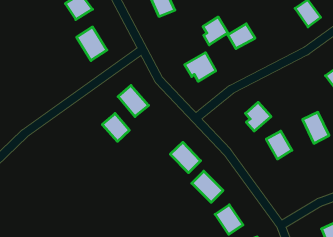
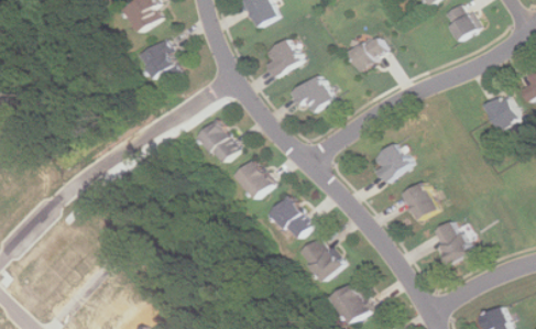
building: [203,17,228,45] -> [265,39,299,77]
building: [303,112,329,143] -> [431,221,468,264]
building: [102,113,129,141] -> [234,160,272,198]

